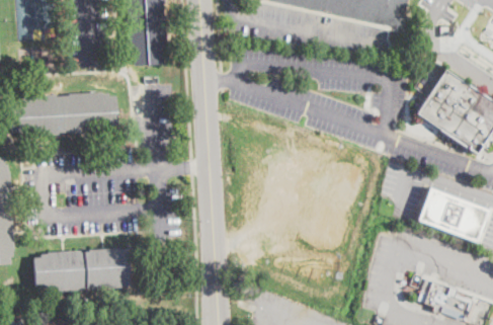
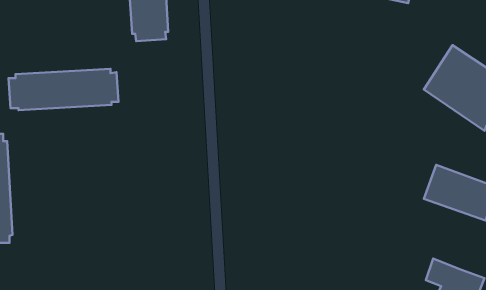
building: [34,250,130,290] -> none

